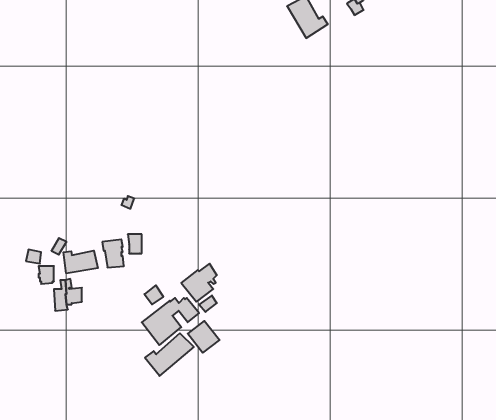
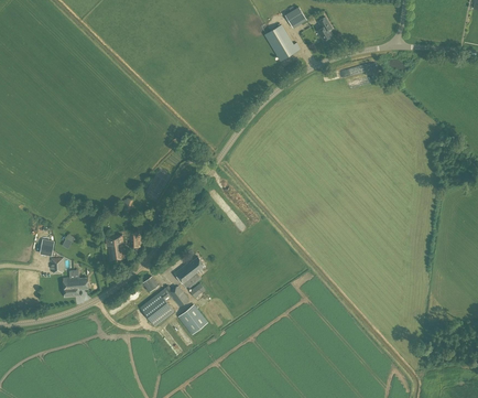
building: [63,251,98,273] -> none
building: [145,333,194,376] -> none

